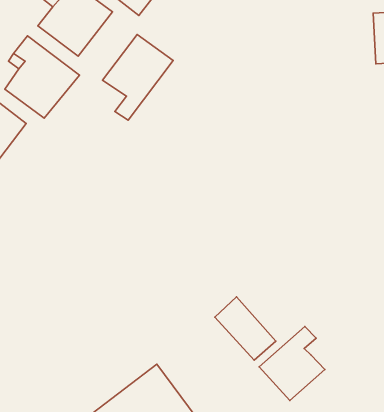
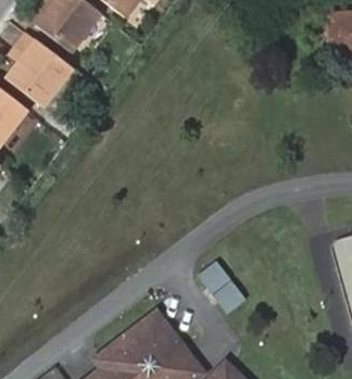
building: [103,34,173,120] -> none
building: [259,327,325,401] -> none

